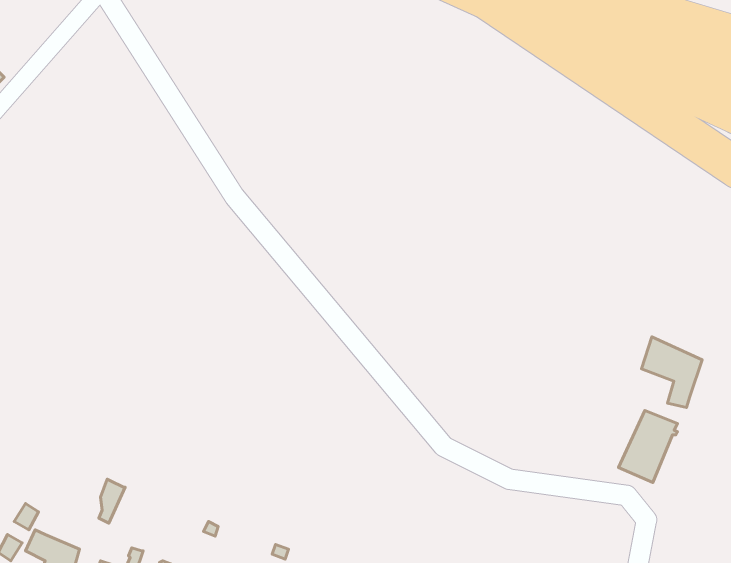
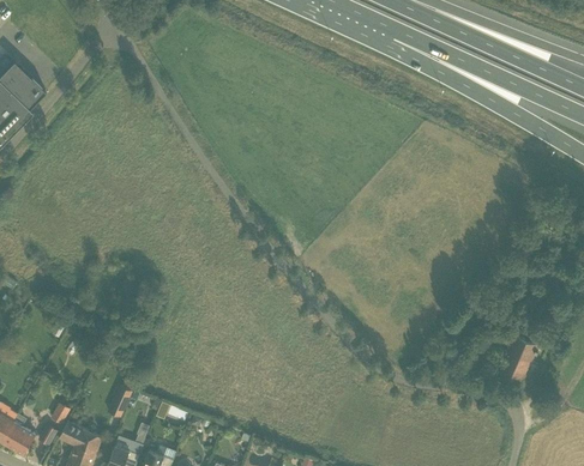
building: [642,337,702,408] -> none

